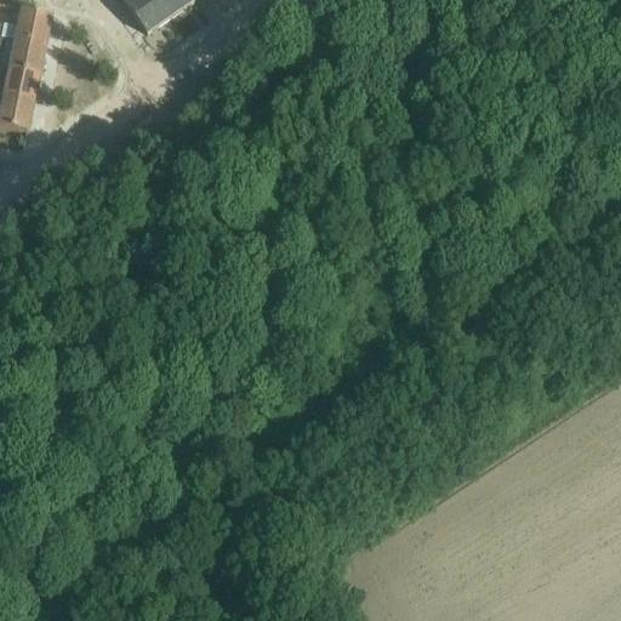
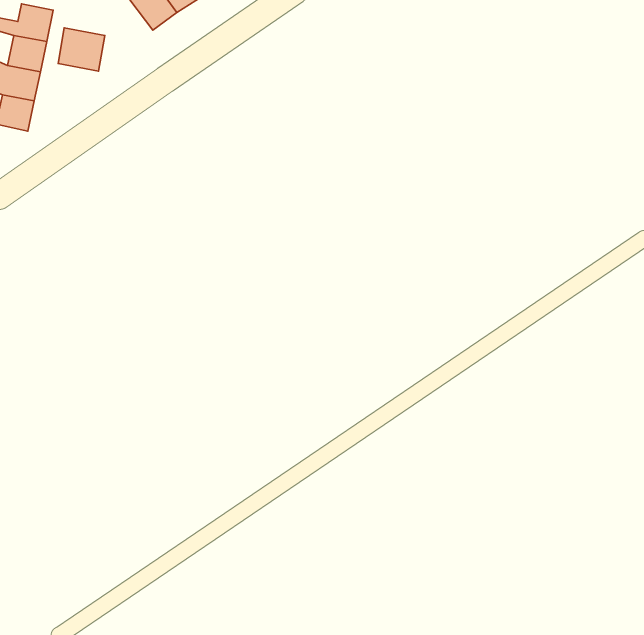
building: none -> [58,28,105,71]

